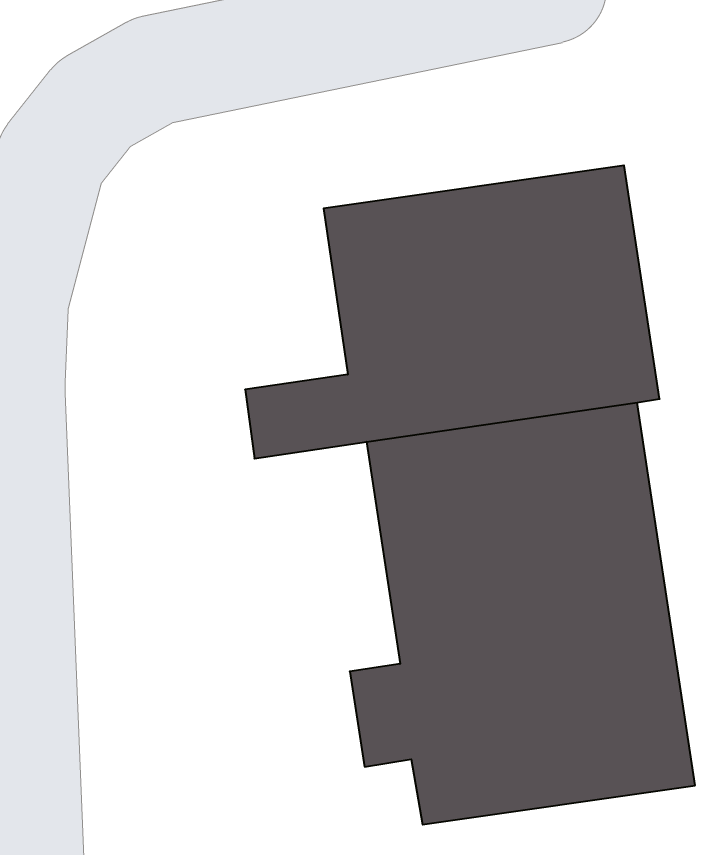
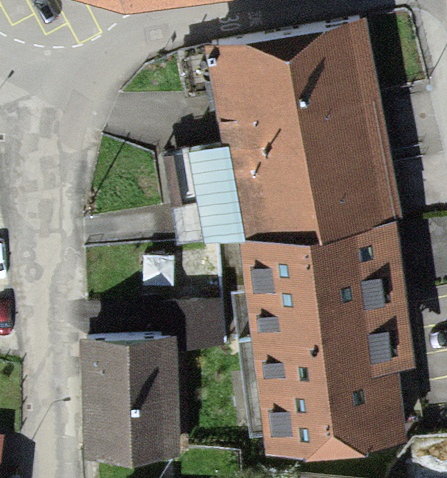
building: none -> [182,30,377,121]
building: none -> [86,303,222,458]

